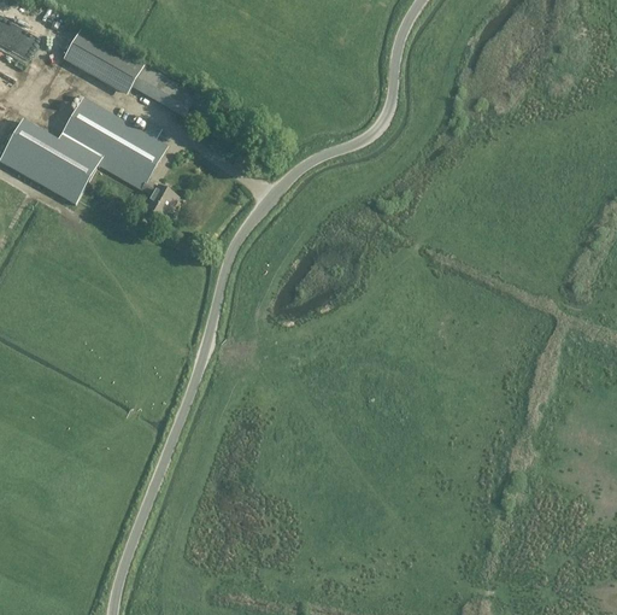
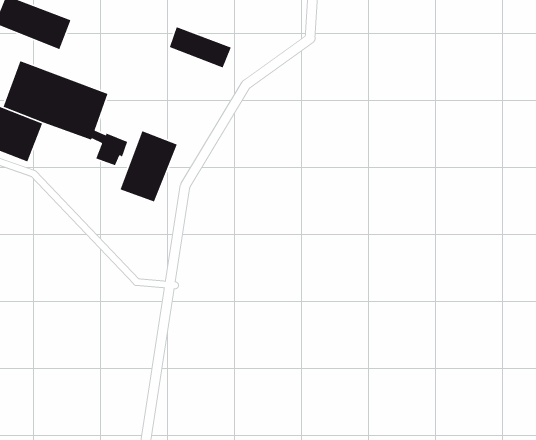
building: [131,65,195,116] -> [169,26,232,69]
building: none -> [120,130,178,203]

